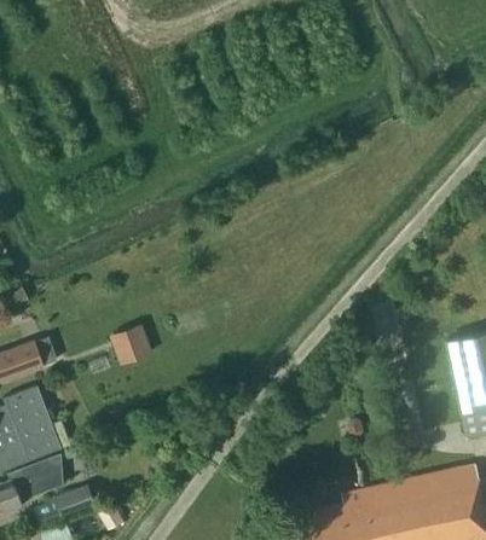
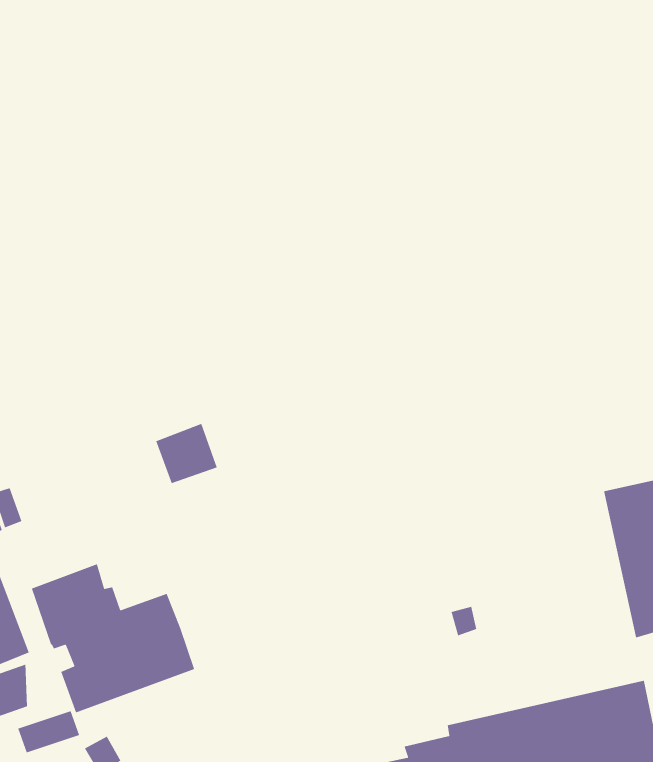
building: [110,323,152,364] -> [155,423,218,484]
building: none -> [31,563,195,714]

